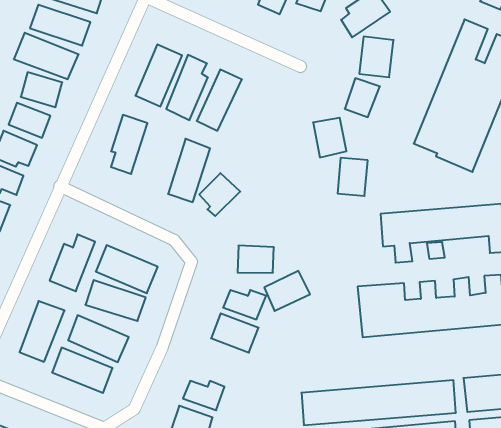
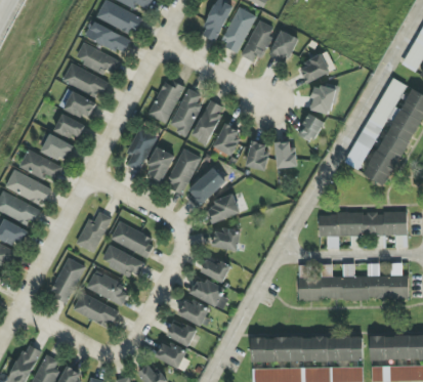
building: none -> [213,123,240,156]
building: none -> [145,147,174,182]
building: [338,158,368,196] -> [246,141,269,170]
building: [264,271,310,311] -> [207,196,240,223]
building: none -> [178,298,210,327]

